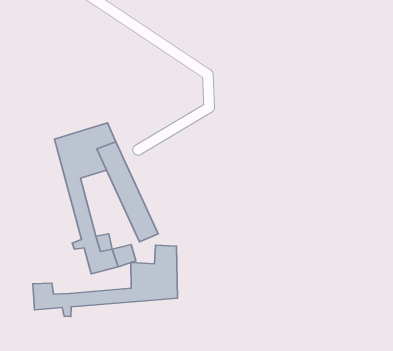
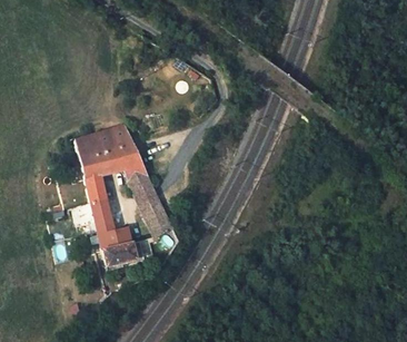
building: [33,245,178,316] -> none

